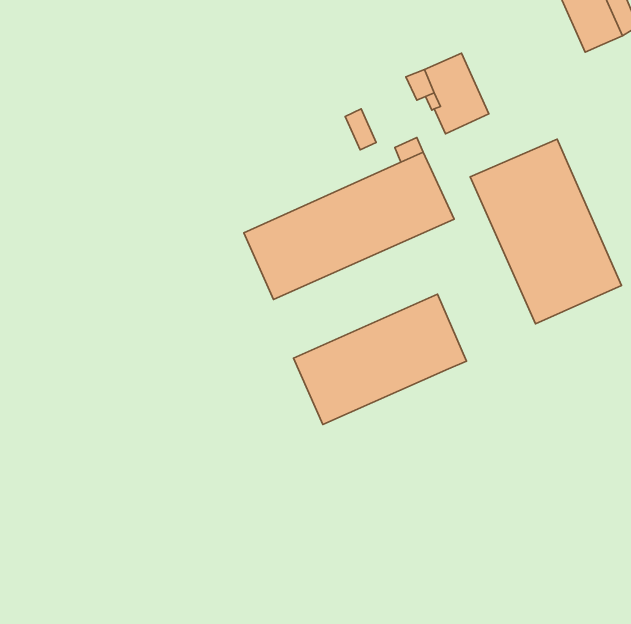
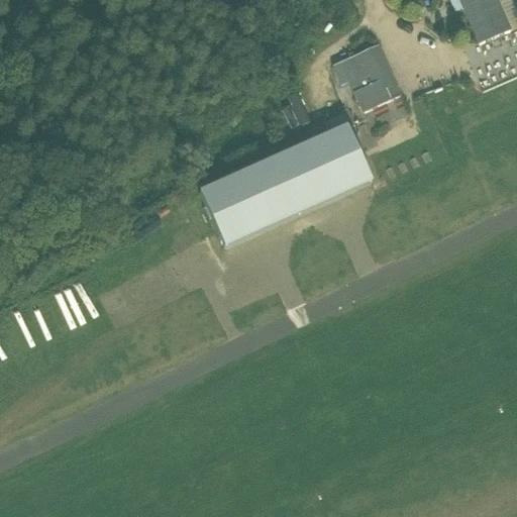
building: [470,139,621,324] -> none
building: [293,294,466,424] -> none

